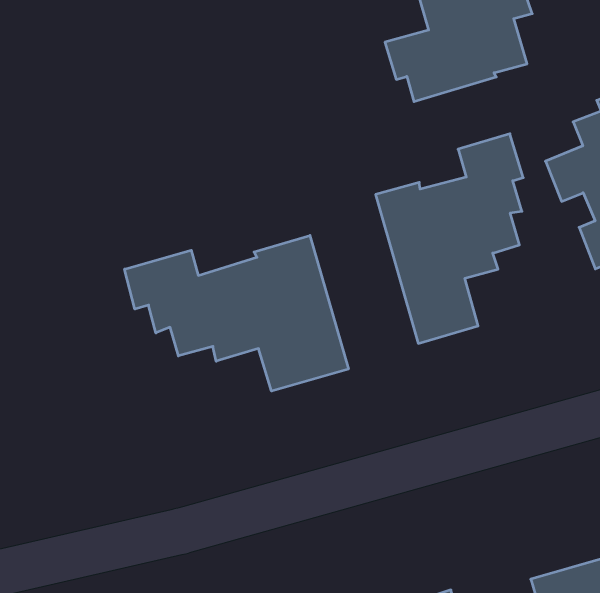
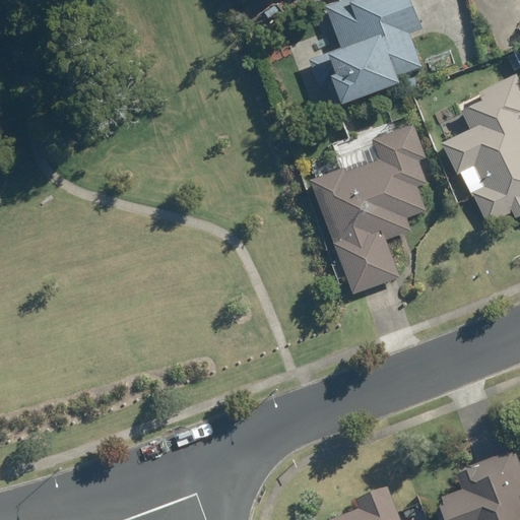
building: [125,235,348,391] -> none

